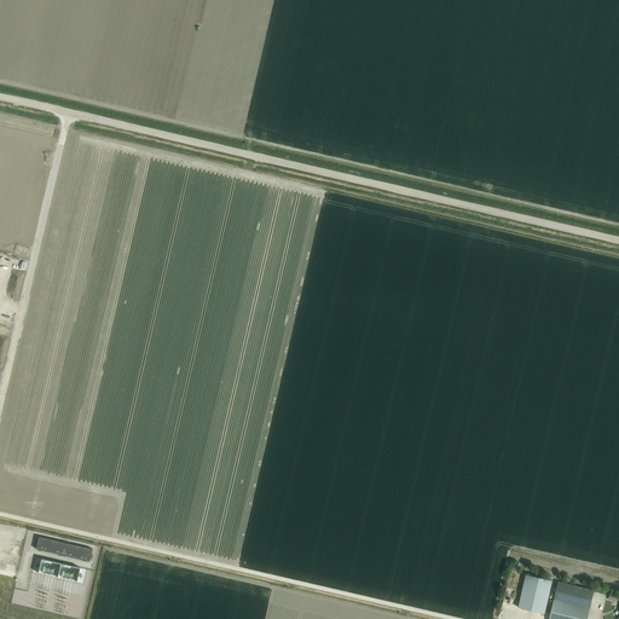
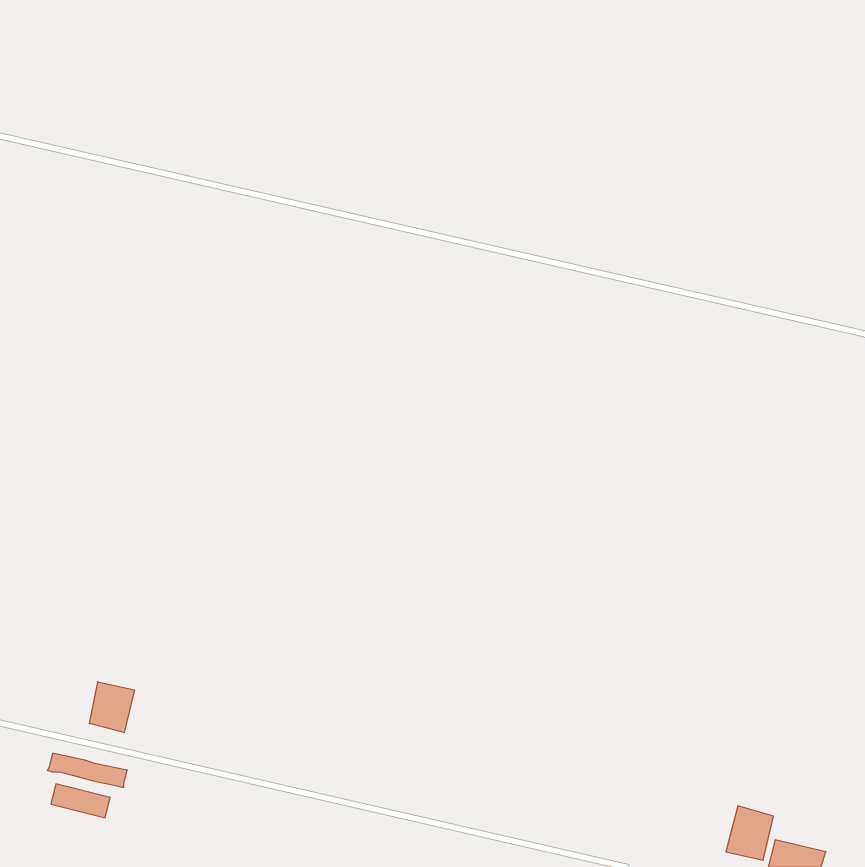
building: none -> [89,682,134,733]
building: [553,582,592,607] -> none

